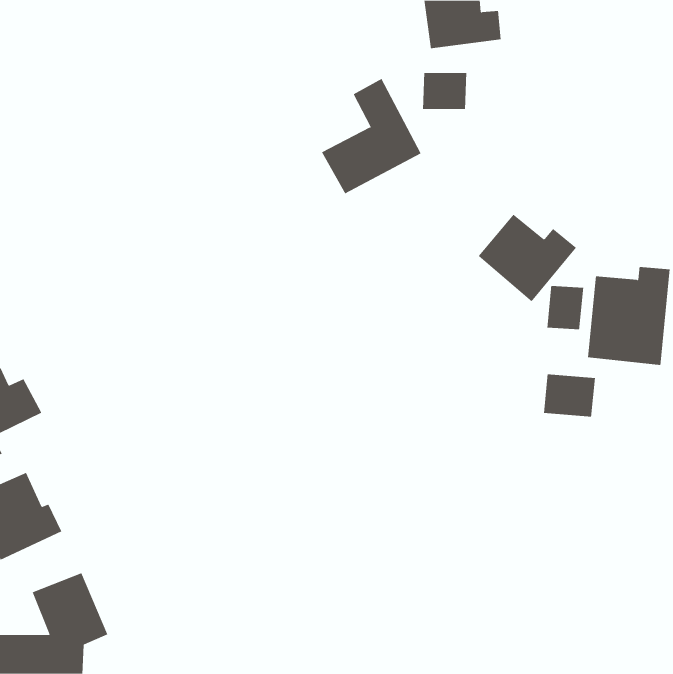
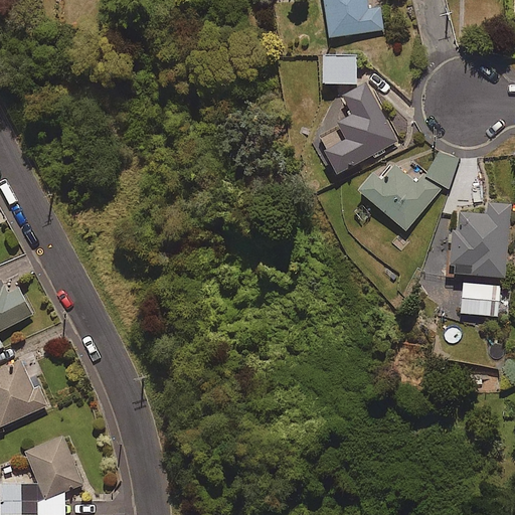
building: [321,78,421,194] -> [320,83,396,172]
building: [547,285,584,330] -> none
building: [543,374,596,417] -> [460,283,500,316]

